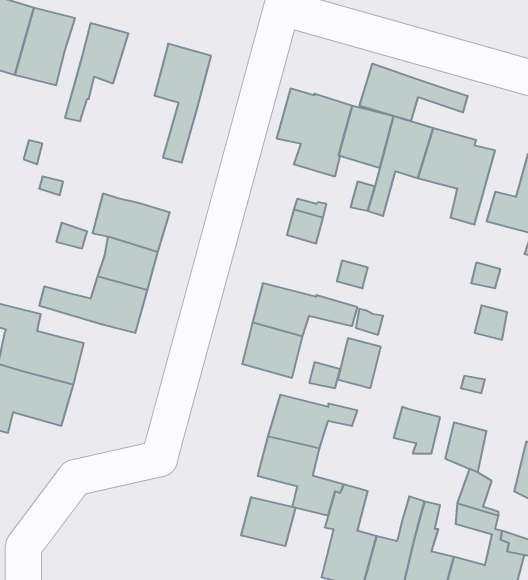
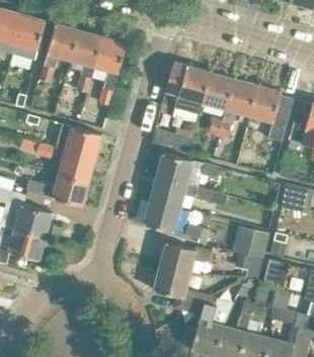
building: none -> [68,30,100,93]
building: [359,64,468,121] -> none
building: none -> [156,153,192,185]
building: [338,338,381,388] -> [241,227,266,256]
building: [241,497,295,546] -> none

